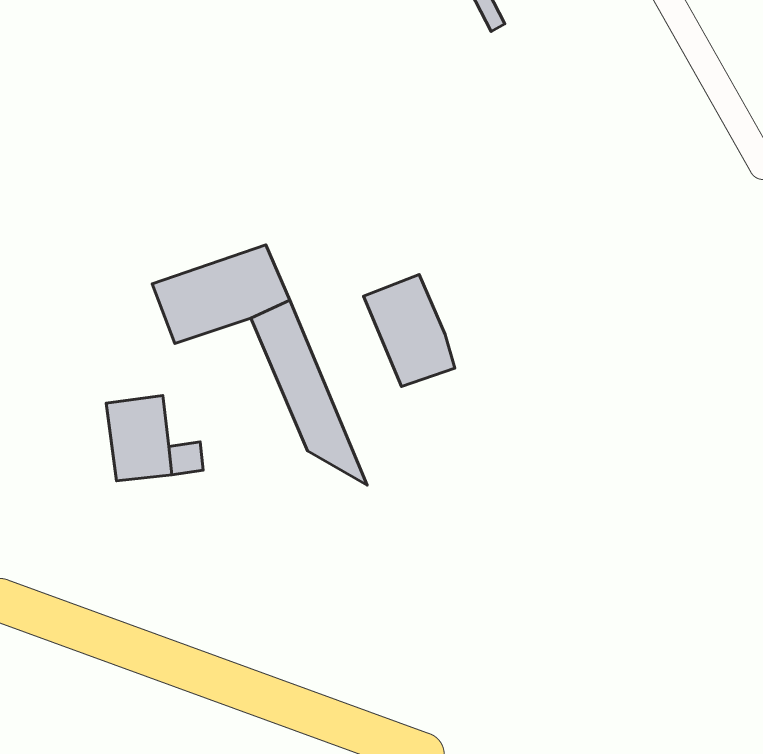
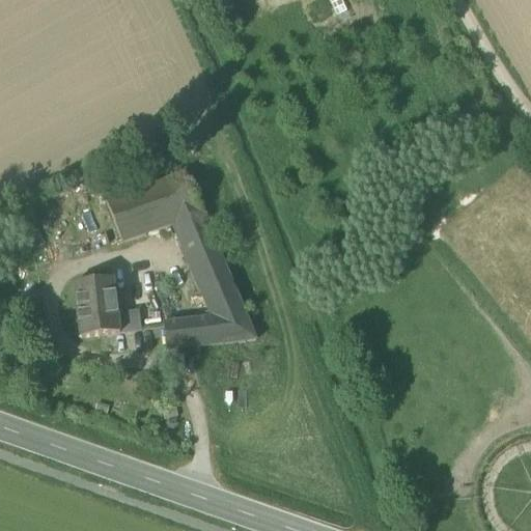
building: [364,274,455,386] -> none
building: none -> [163,313,255,347]

